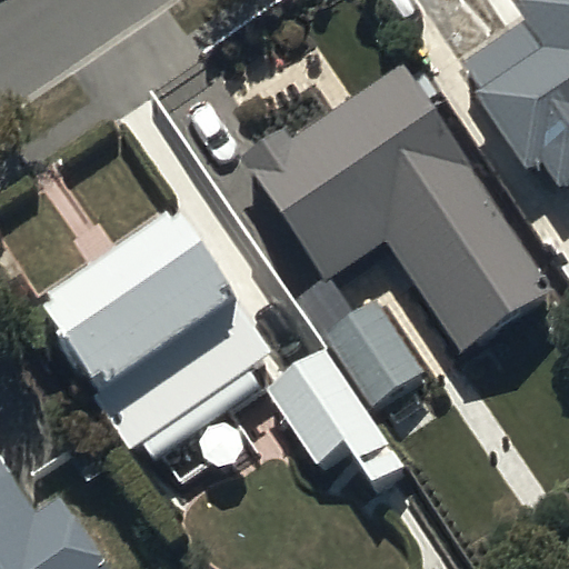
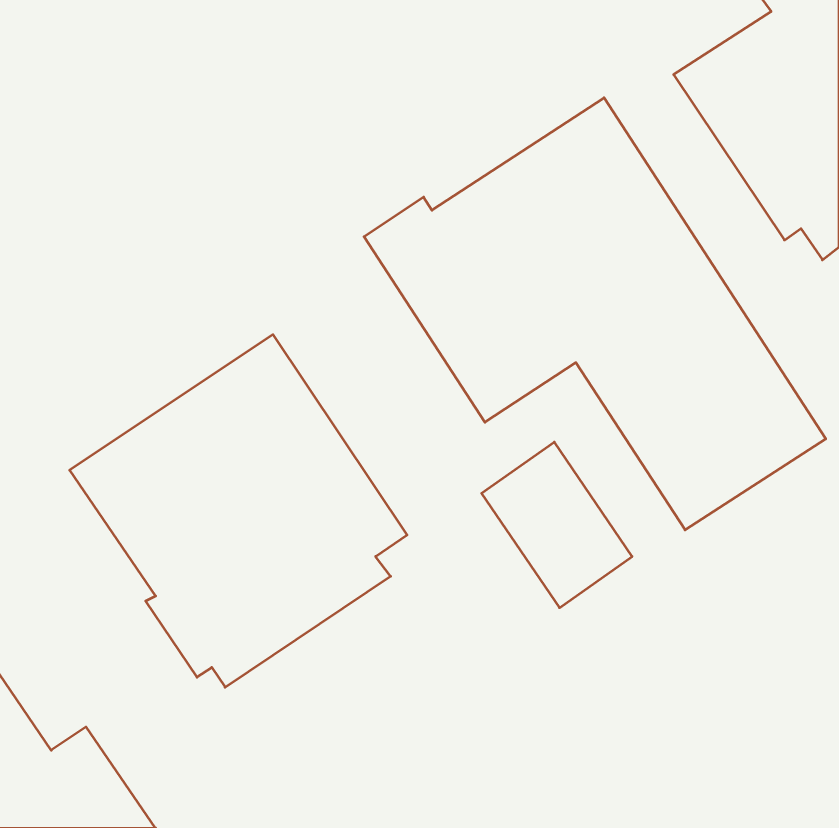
building: [258,335,399,476] -> none

